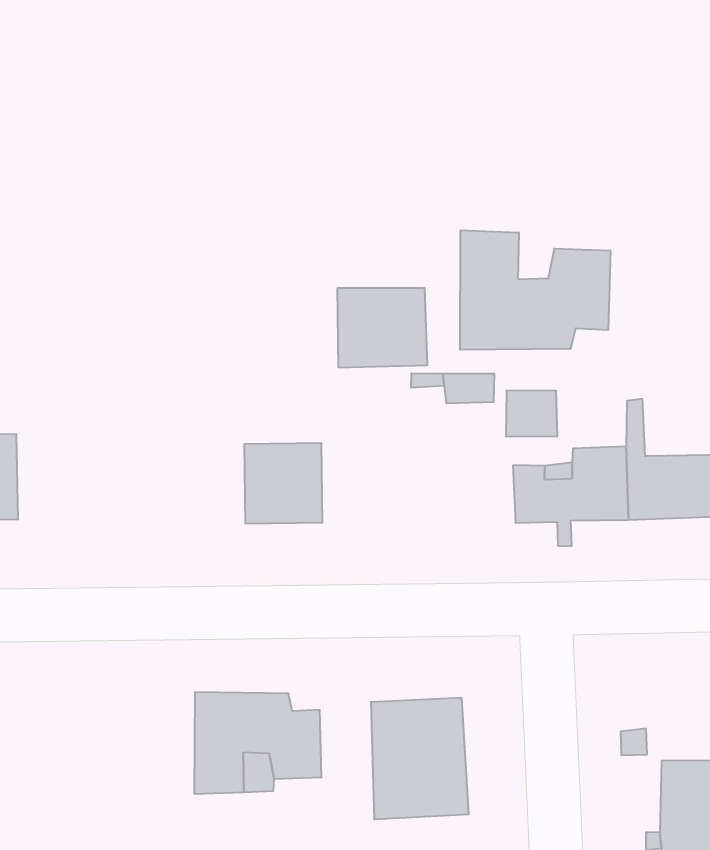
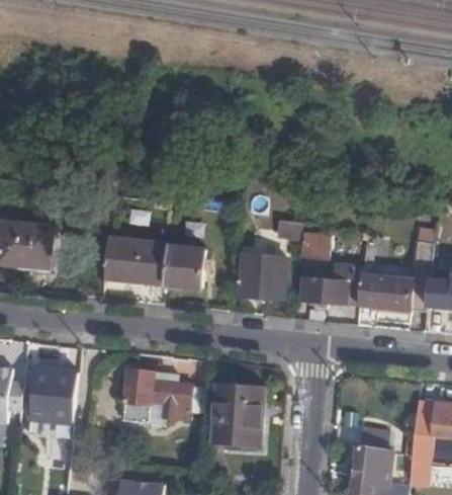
building: [460,230,611,350] -> none
building: [337,288,427,367] -> [238,255,286,300]
building: none -> [103,238,167,296]
building: none -> [27,367,79,439]

